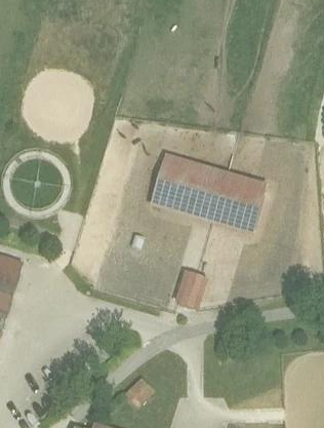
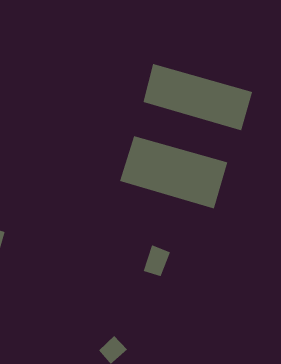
building: none -> [143,63,253,131]

